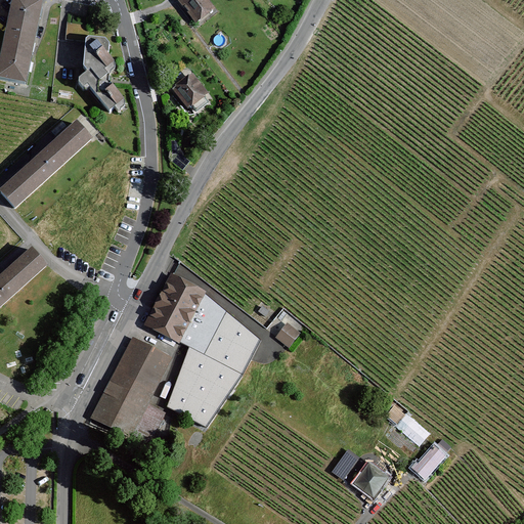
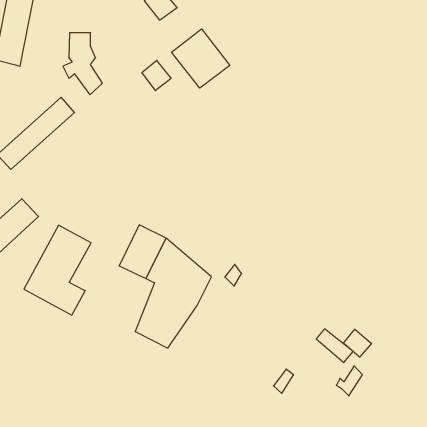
building: none -> [172,29,230,88]
building: [90,337,172,446] -> [24,225,91,315]
building: none -> [344,329,372,357]
building: [355,464,387,503] -> none

